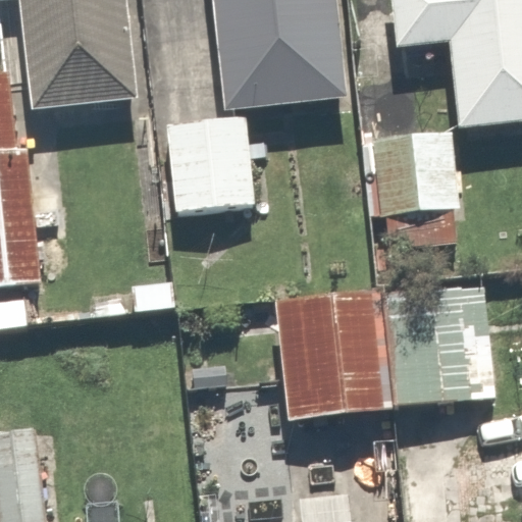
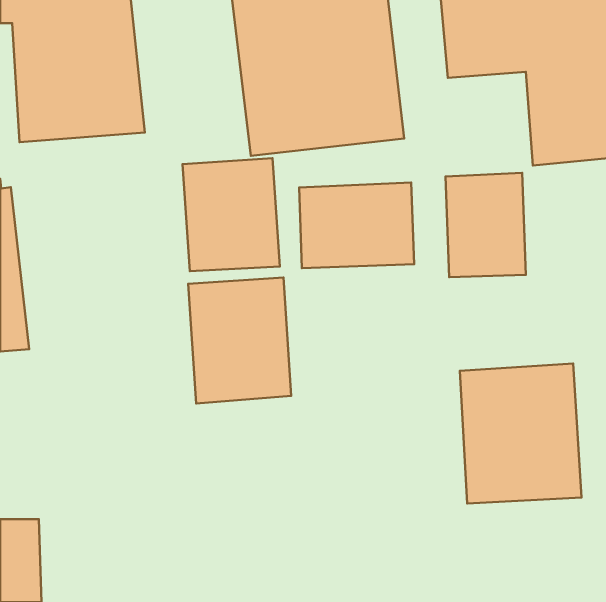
building: none -> [299,183,414,268]
building: none -> [188,278,291,404]
building: [280,310,388,435] -> none

